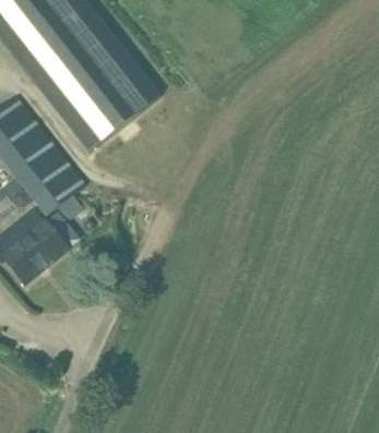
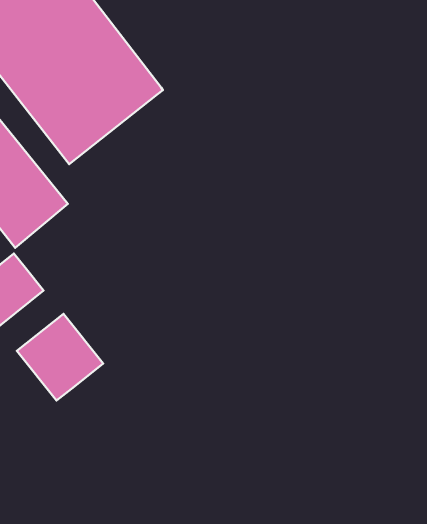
building: none -> [17,314,103,401]

